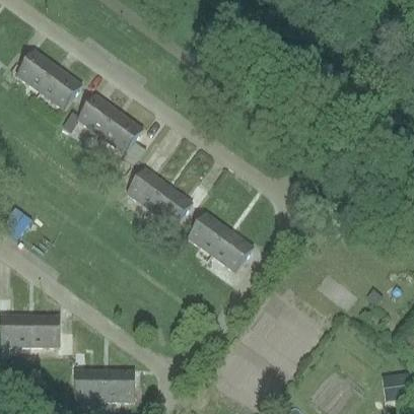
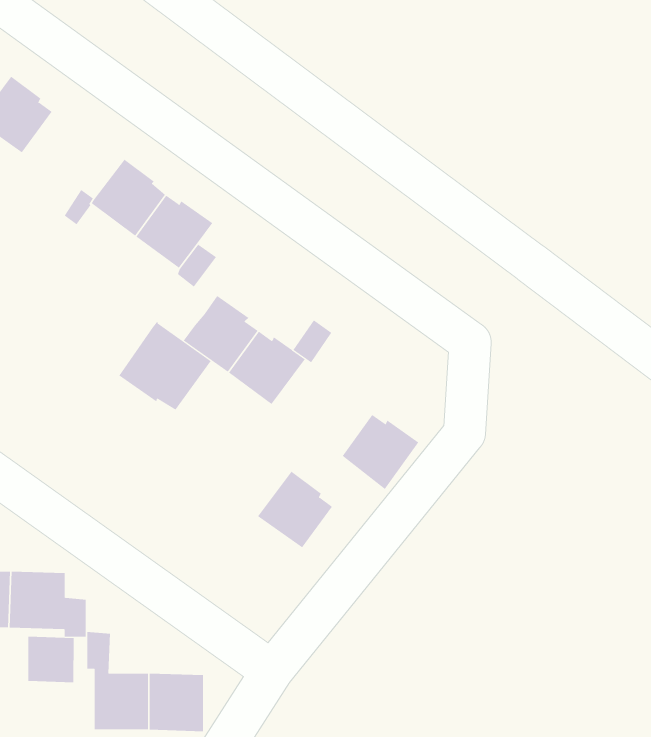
building: [39,68,80,108] -> none
building: none -> [119,321,211,410]
building: [186,211,226,253] -> [257,471,333,548]
building: none -> [28,636,74,683]

